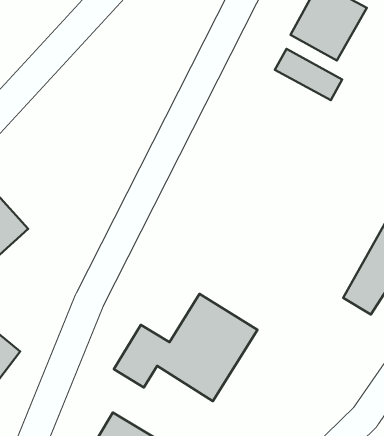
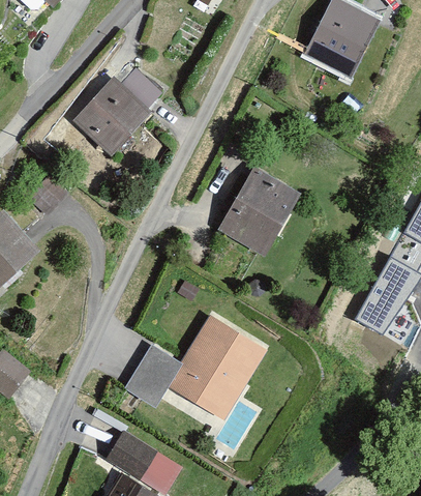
building: [275,49,342,100] -> none
building: none -> [78,70,158,150]
building: none -> [215,171,294,260]

